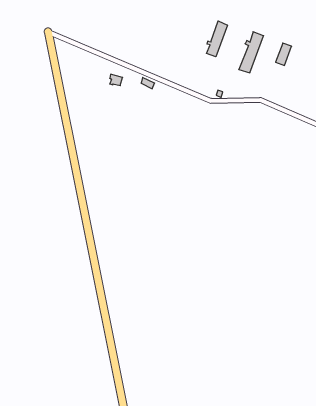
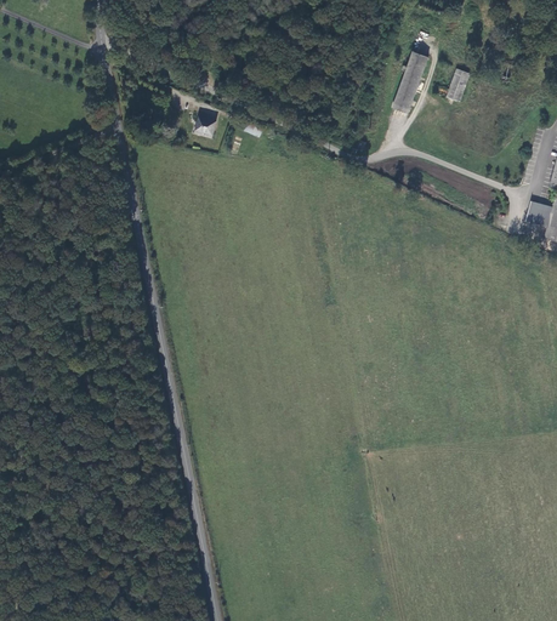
building: [206,21,227,57] -> none

